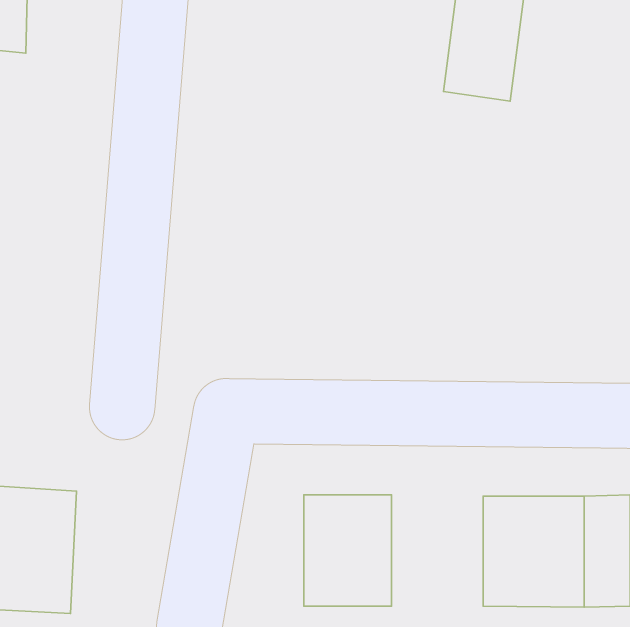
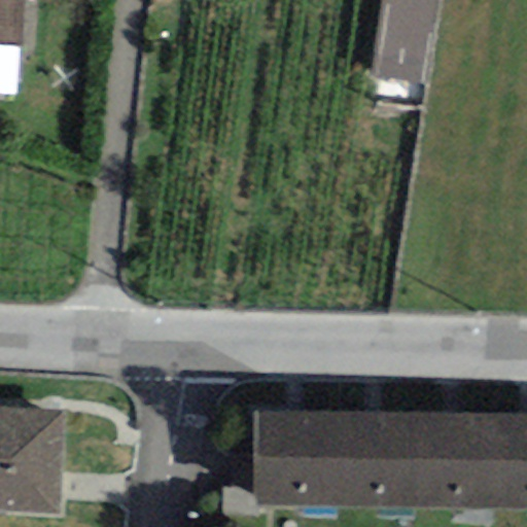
building: none -> [326,413,402,505]

